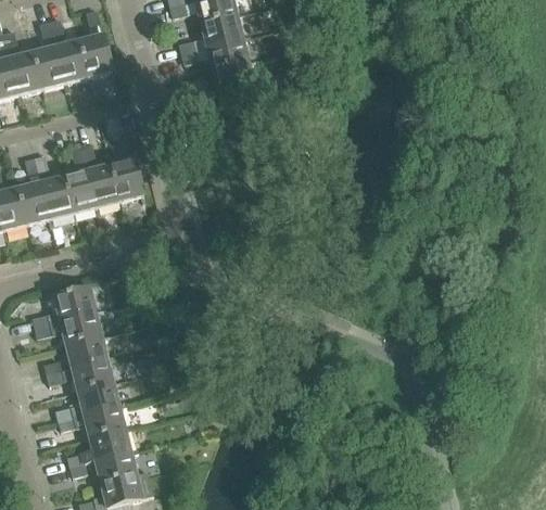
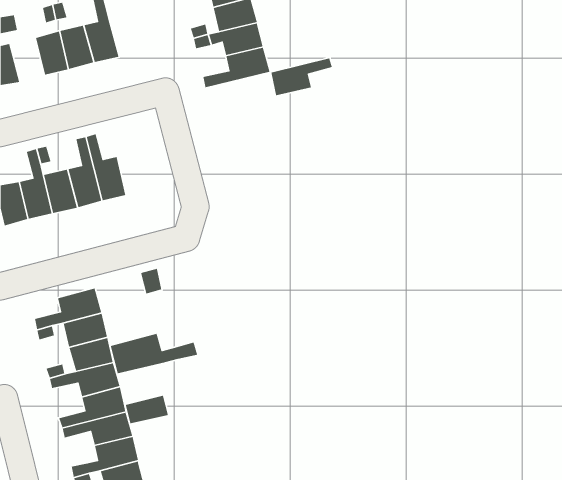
building: [10,52,42,94] -> none
building: none -> [270,57,333,96]
building: [111,133,143,201] -> none
building: none -> [110,333,198,374]
building: none -> [125,395,169,424]

